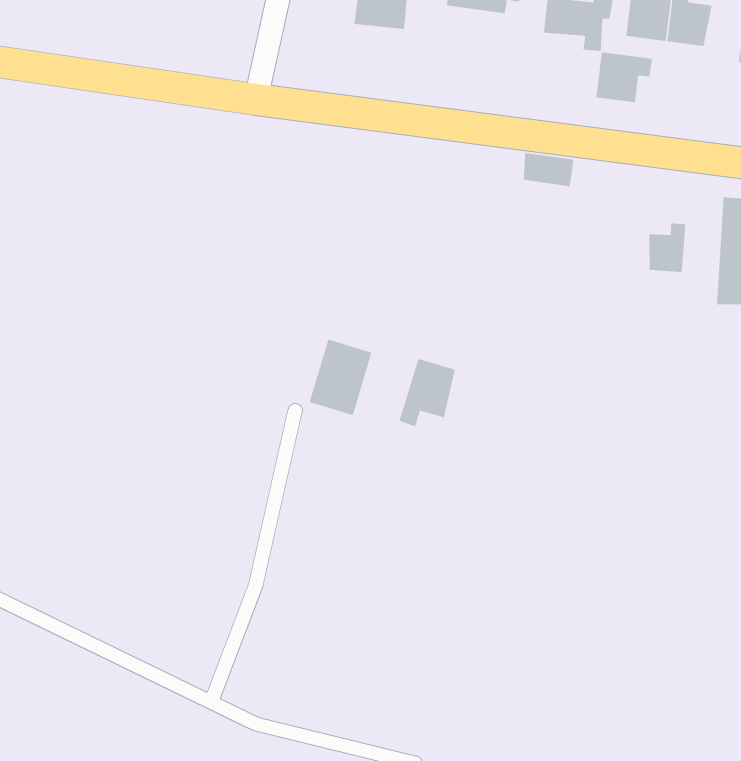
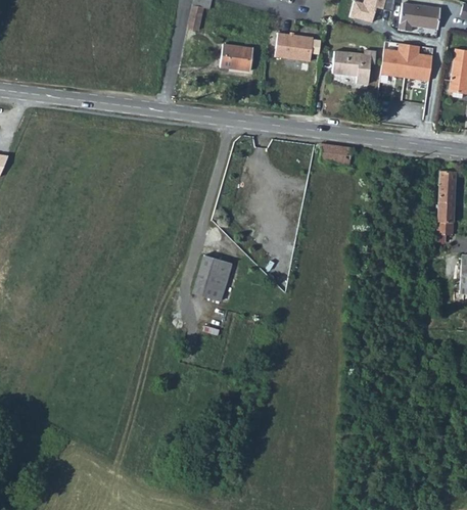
building: [596,52,653,103] -> none
building: [649,222,686,273] -> none
building: [399,358,456,427] -> none

